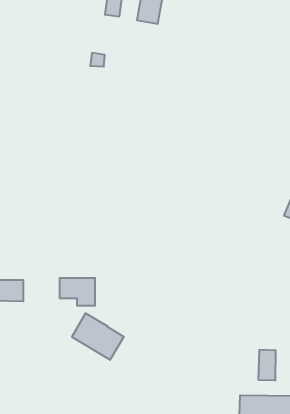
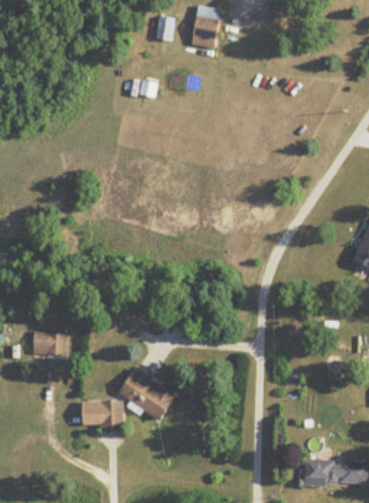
building: [60,278,95,306] -> [82,402,121,432]
building: [259,350,275,381] -> none

